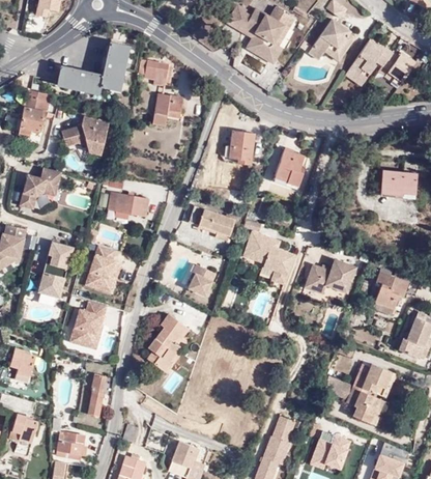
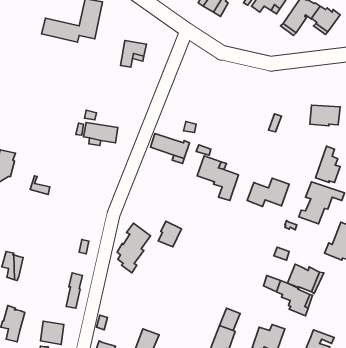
building: [137,59,169,86] -> none
building: [18,89,50,136] -> none
building: [61,116,109,154] -> none
building: [228,130,255,164] -> none
building: [274,148,305,186] -> none
building: [20,167,61,208] -> none
building: none -> [316,146,340,183]
building: [49,242,74,270] -> none
building: [85,246,121,293] -> none
building: [188,264,216,295] -> [158,221,181,247]
building: [38,273,65,300] -> none
building: [70,302,106,350] -> none

